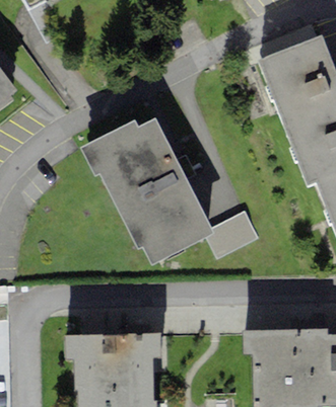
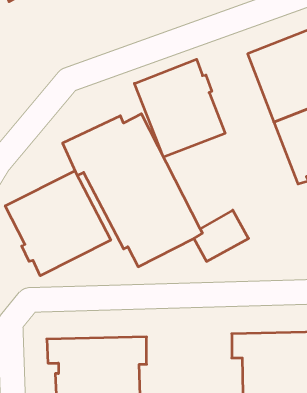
building: none -> [134,59,225,157]
building: none -> [5,171,111,276]

